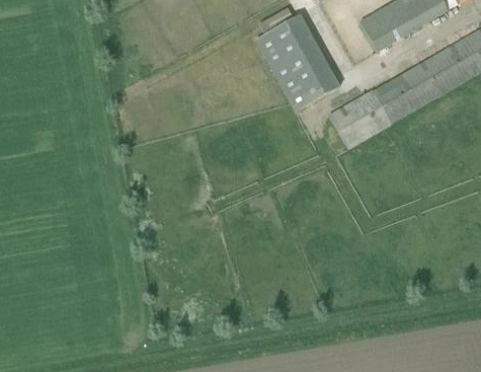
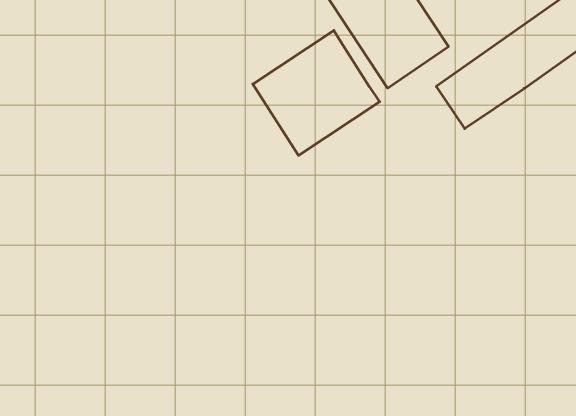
building: none -> [253,30,380,155]

